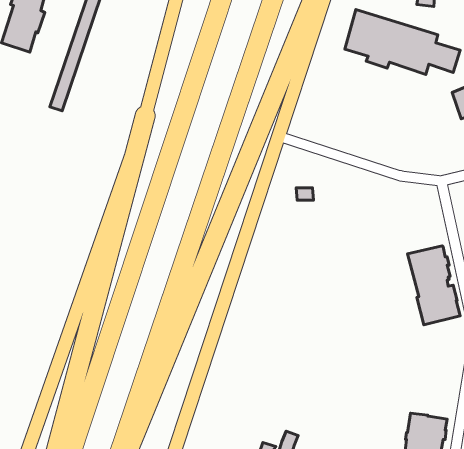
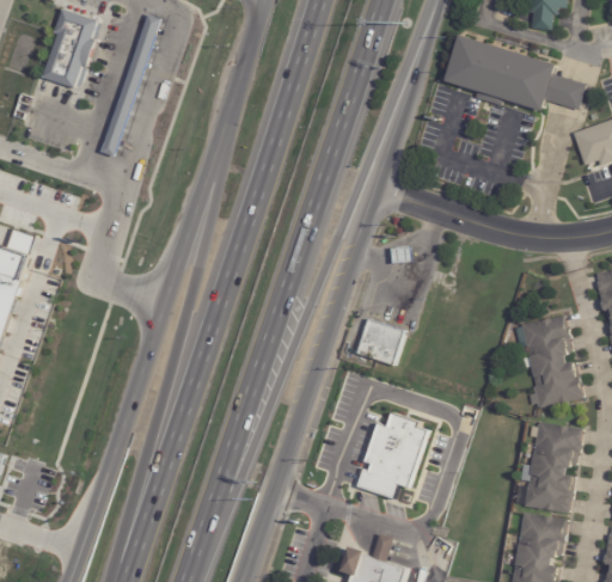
building: none -> [353,318,402,364]
building: none -> [355,411,424,497]
building: none -> [525,421,582,513]

